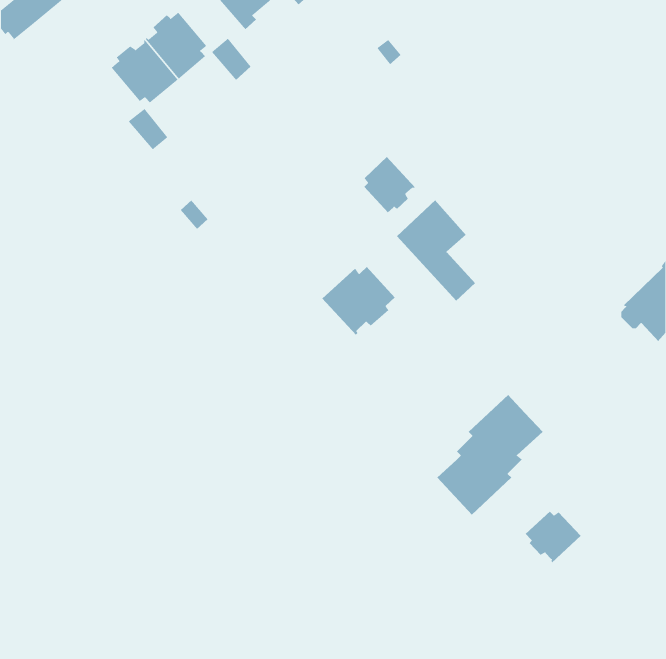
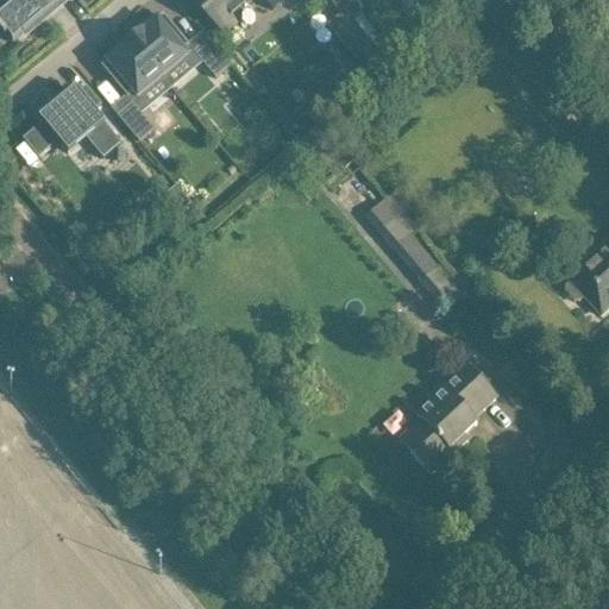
building: none -> [23,81,121,153]
building: [364,156,416,213] -> none
building: [321,266,396,335] -> none
building: [525,511,581,563] -> none

